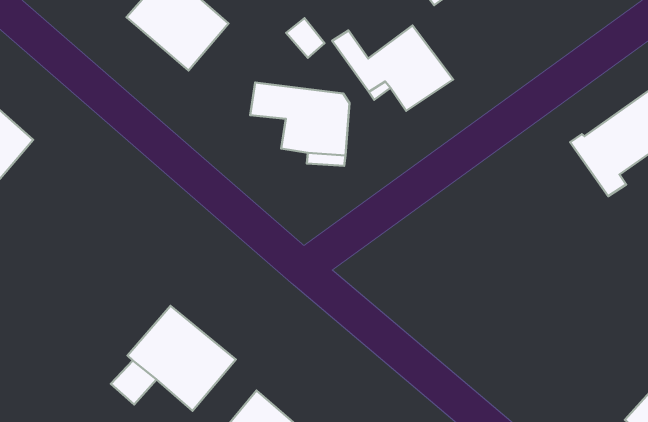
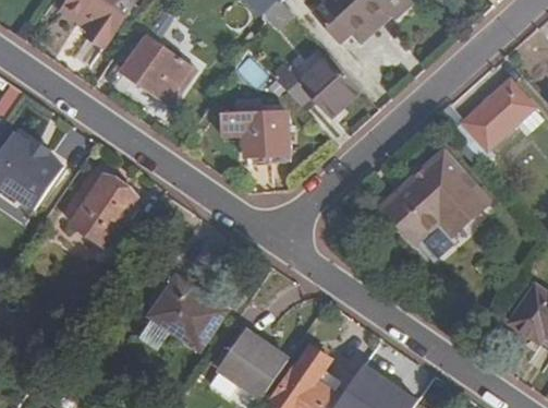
building: none -> [70,172,137,244]
building: none -> [380,148,488,240]

